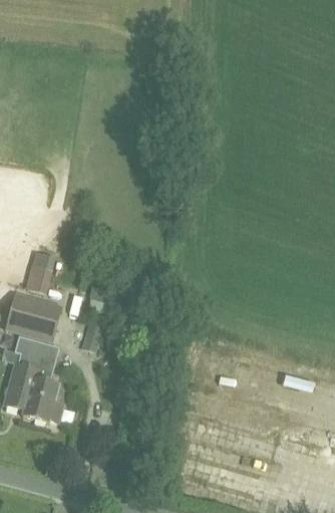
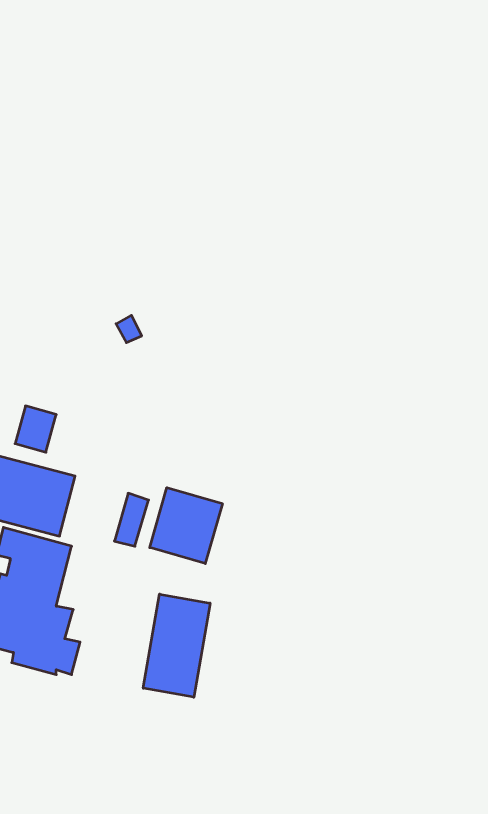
building: none -> [150,488,222,564]
building: none -> [143,594,210,697]

